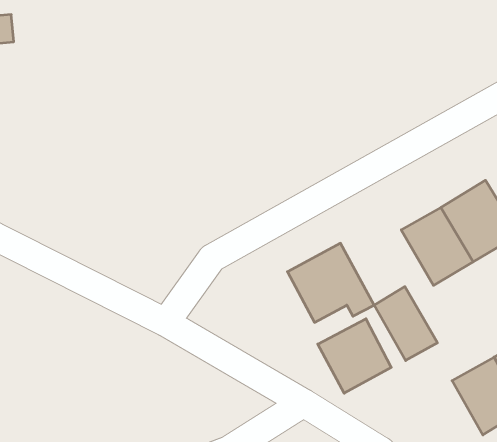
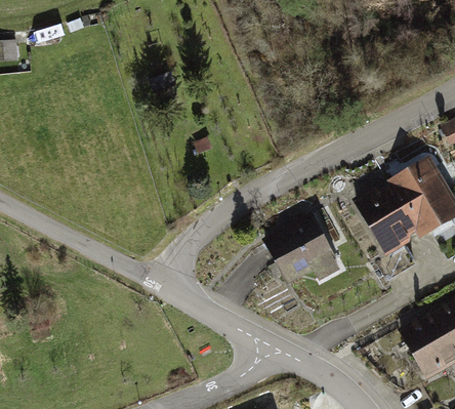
building: [374,287,437,361] -> none
building: [318,319,391,393] -> none

